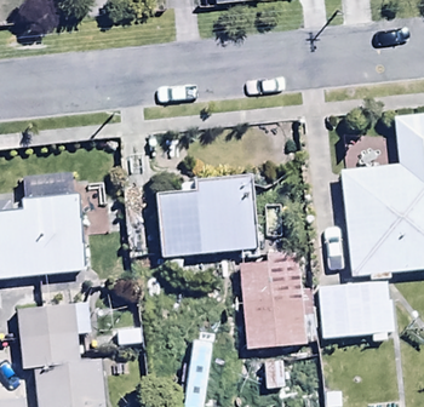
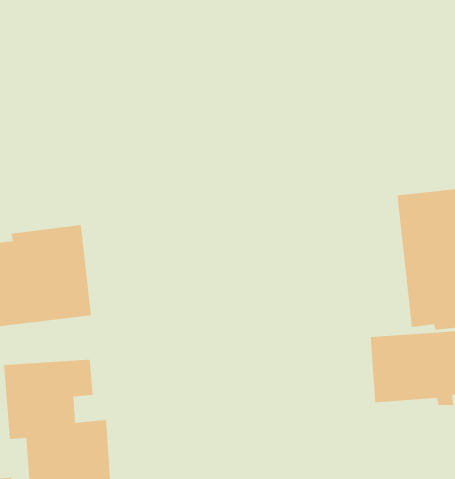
building: [157,176,258,257] -> none
building: [242,251,303,351] -> none

